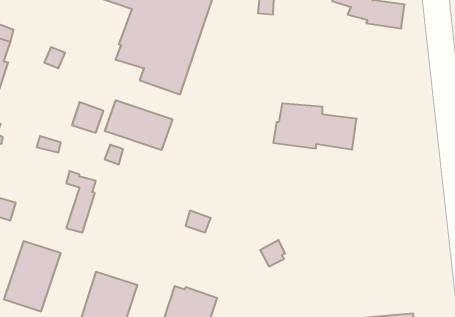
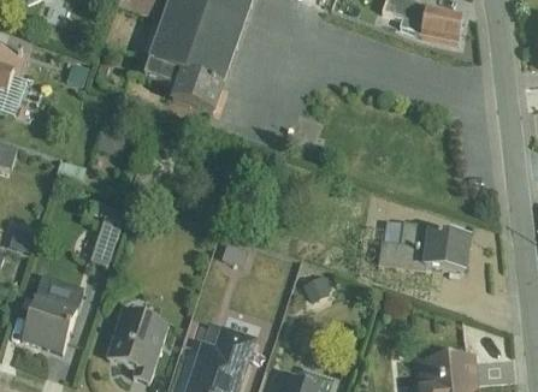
building: [105,100,172,150] -> none
building: [273,103,357,149] -> [378,220,469,271]

